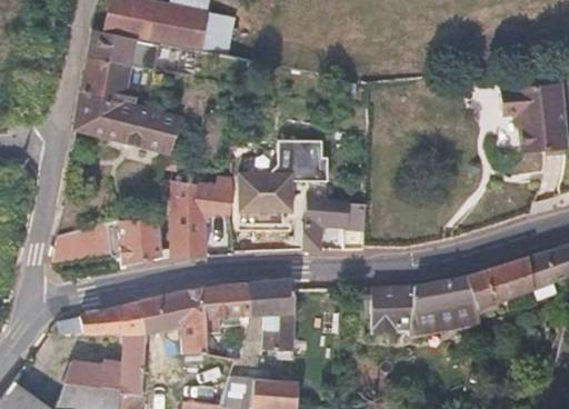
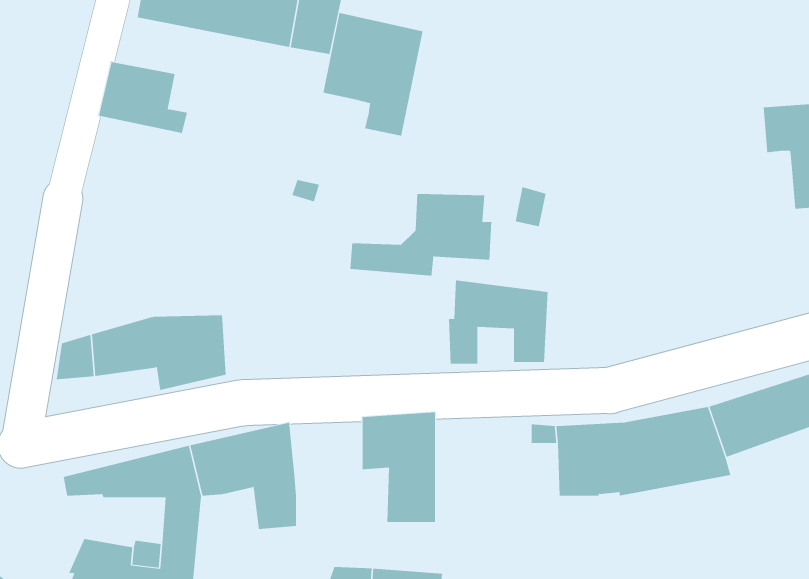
building: none -> [323,12,423,136]
building: [88,30,153,67] -> none
building: [73,93,181,153] -> none
building: [170,180,232,259] -> none
building: [237,190,291,232] -> none
building: [201,283,247,333] -> none

